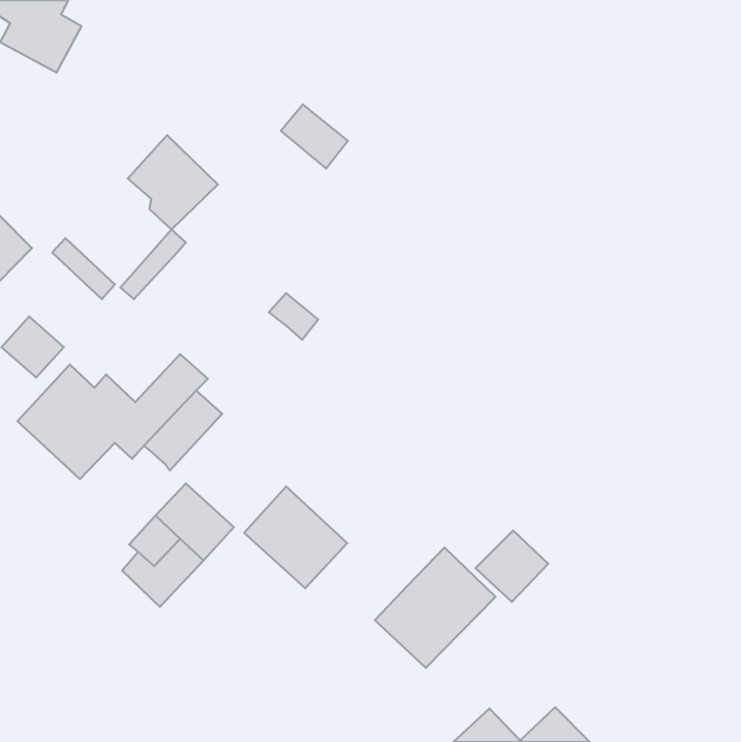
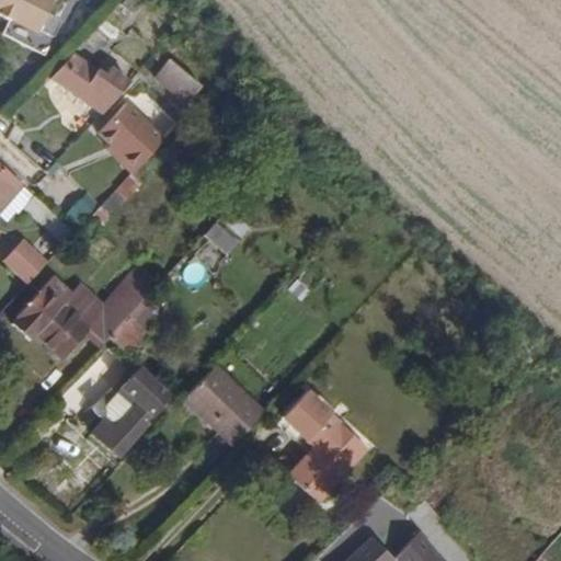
building: none -> [47,54,134,113]
building: [281,105,348,169] -> [153,57,204,105]
building: [476,531,548,602] -> [280,388,335,442]

